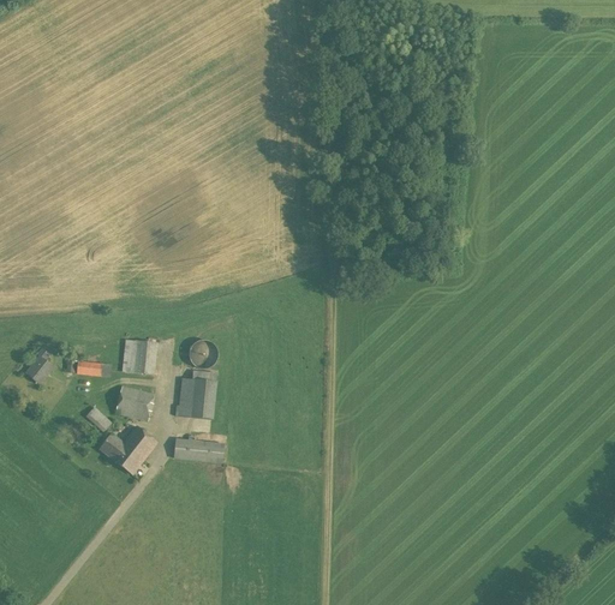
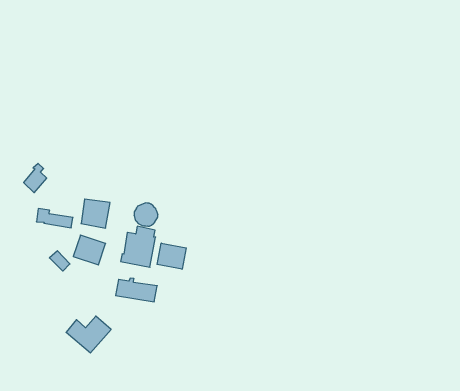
building: [24,348,53,385] -> [24,163,47,193]
building: none -> [157,243,186,269]
building: [100,427,156,474] -> [66,316,111,353]

